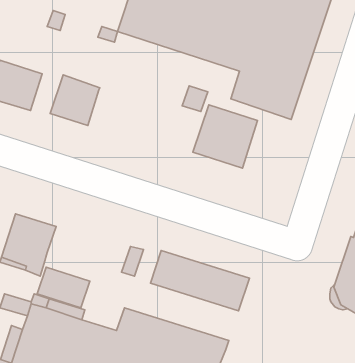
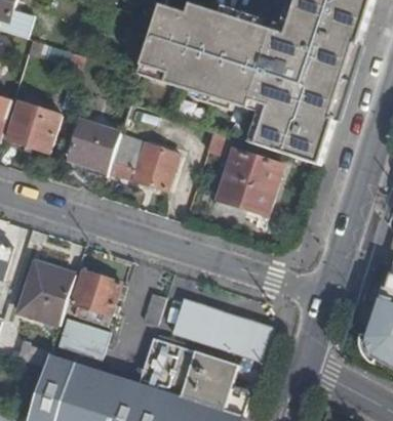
building: none -> [107,133,176,188]
building: none -> [62,272,119,327]
building: none -> [145,337,253,392]

